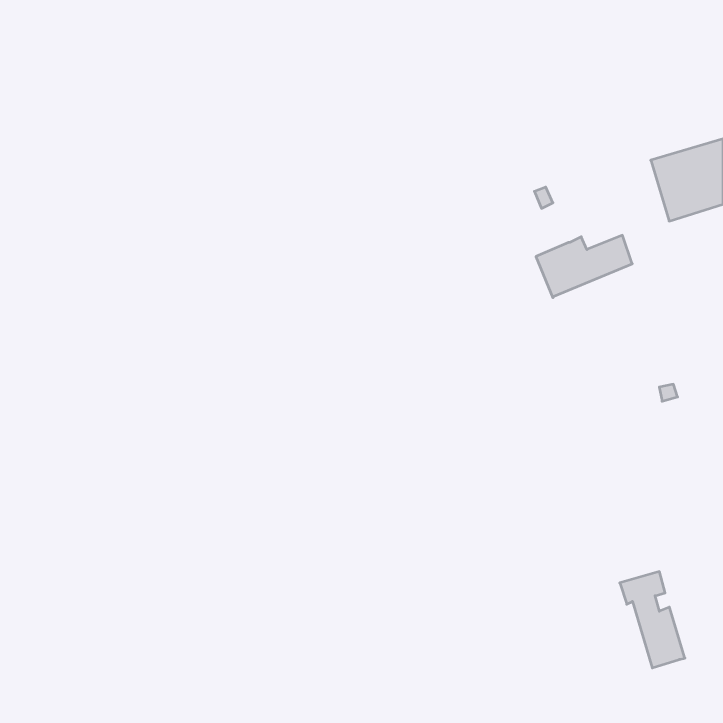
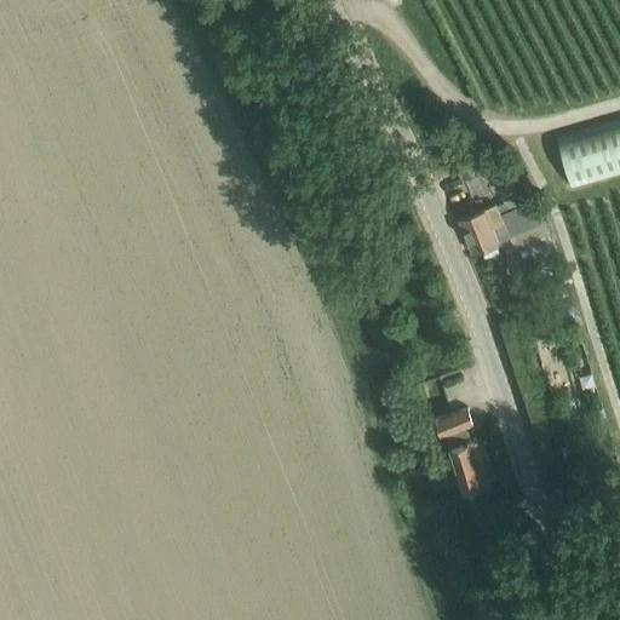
building: [620,572,685,668] -> [435,408,490,490]

